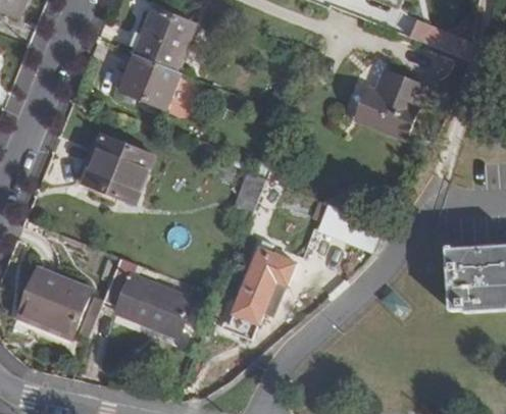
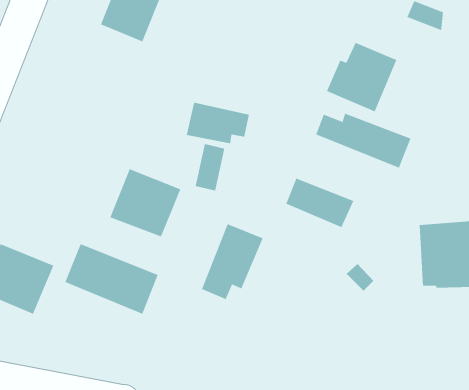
building: [120,53,181,107] -> none
building: none -> [186,102,249,144]
building: [83,135,153,202] -> [109,168,181,237]
building: none -> [315,113,411,168]

